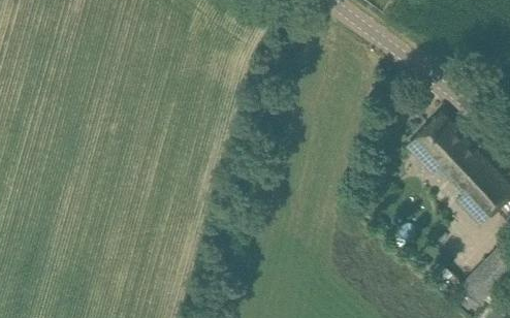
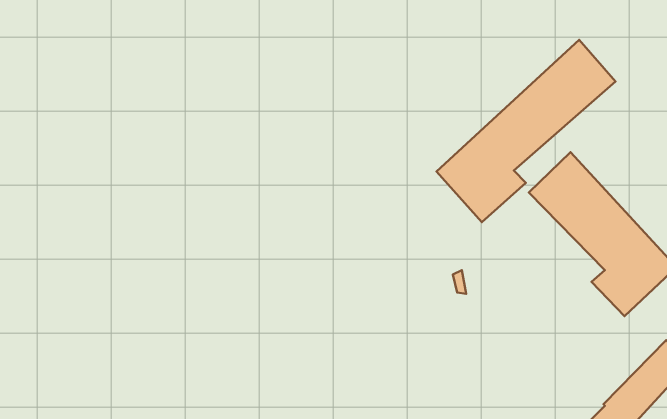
building: none -> [437,40,615,222]

